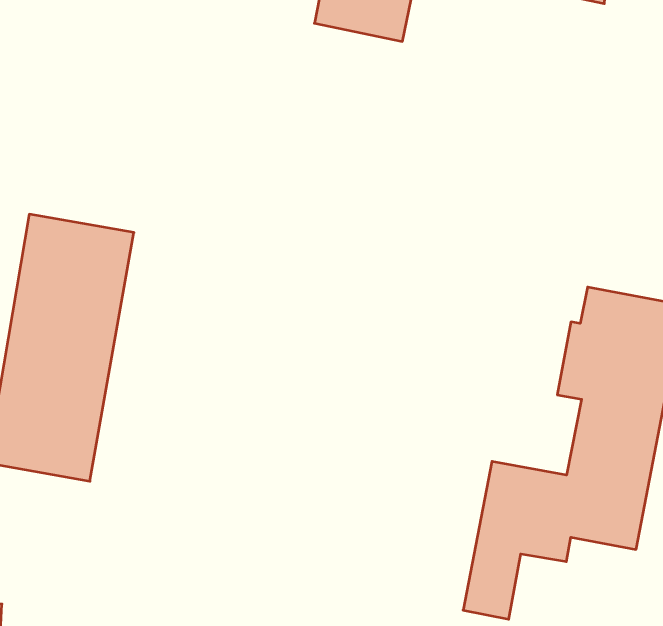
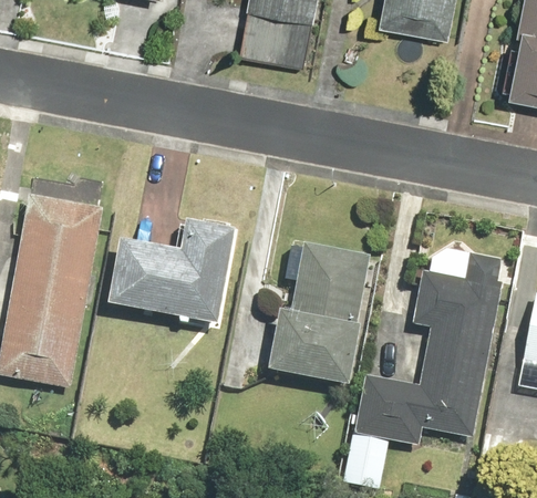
building: none -> [105,218,237,325]
building: none -> [271,238,373,385]

